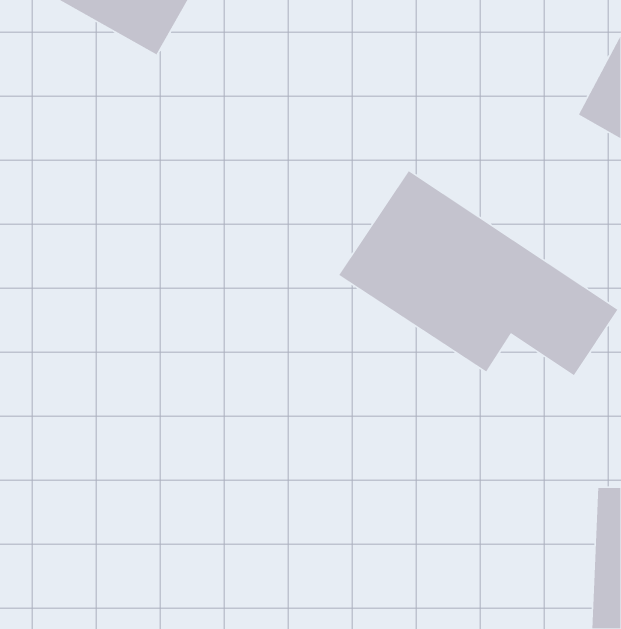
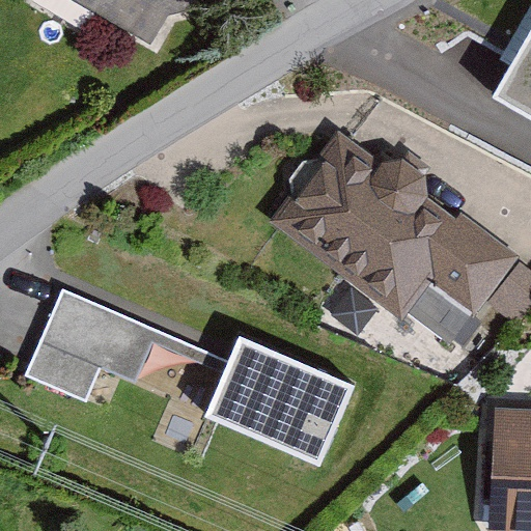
building: none -> [39,291,148,375]
building: none -> [220,339,359,456]

